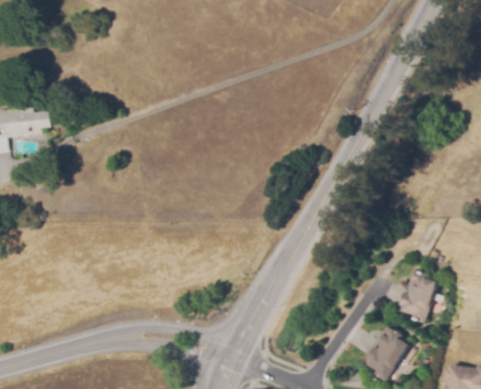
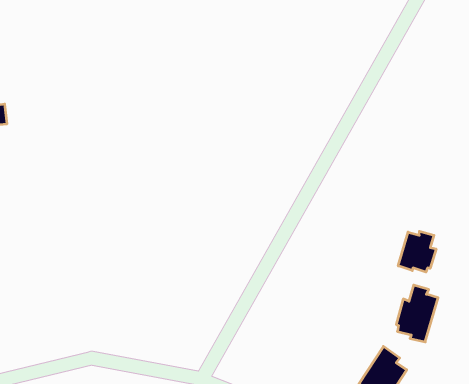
building: none -> [398,231,436,272]

